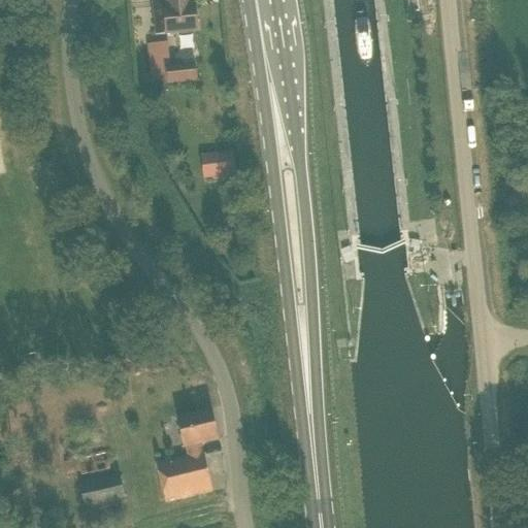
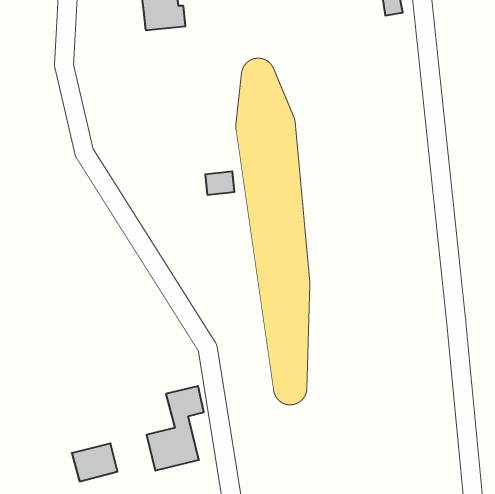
building: [152,39,197,86] -> none
building: [203,152,234,176] -> [205,171,234,195]

